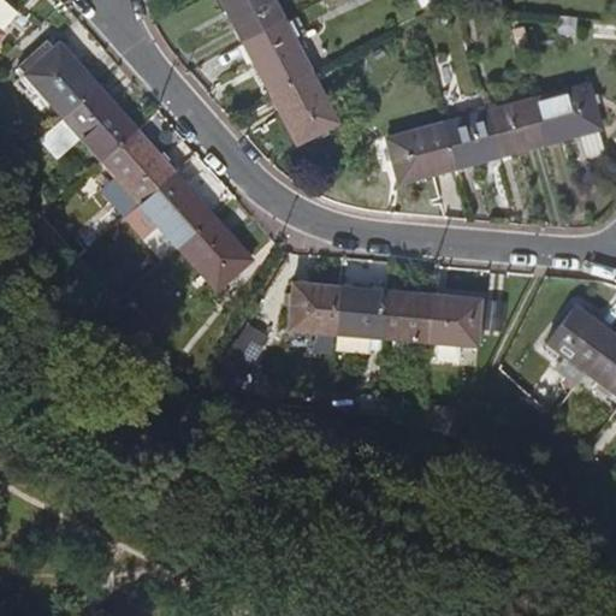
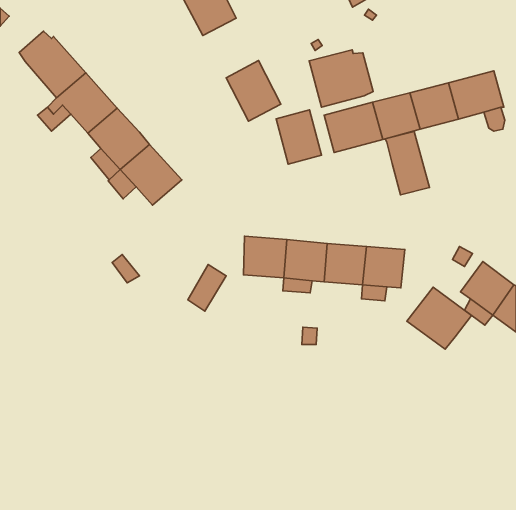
building: [242,22,308,93] -> none
building: none -> [309,50,373,107]
building: none -> [276,110,321,164]
building: none -> [385,131,429,195]
building: [182,214,253,288] -> none
building: none -> [407,287,472,349]

